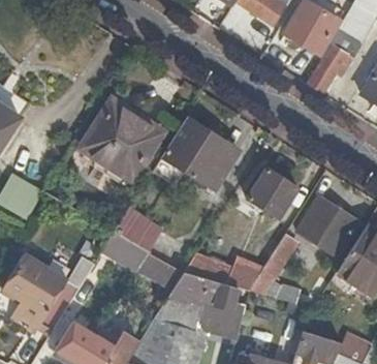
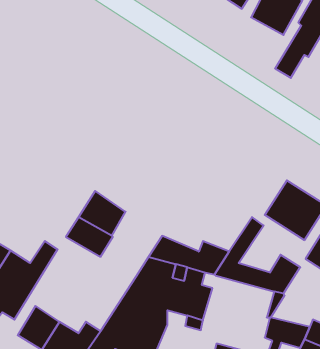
building: [81,100,159,185] -> none
building: [166,123,238,190] -> none
building: [247,169,296,218] -> none
building: [135,252,183,292] -> none

